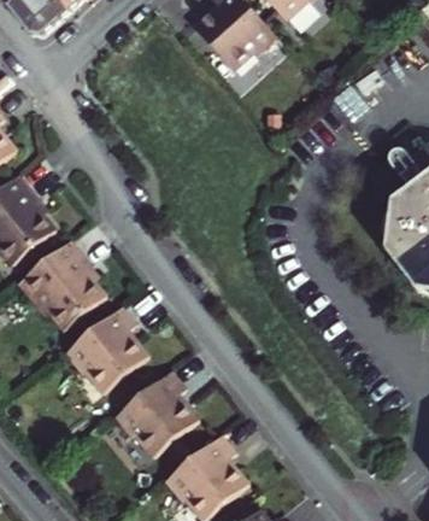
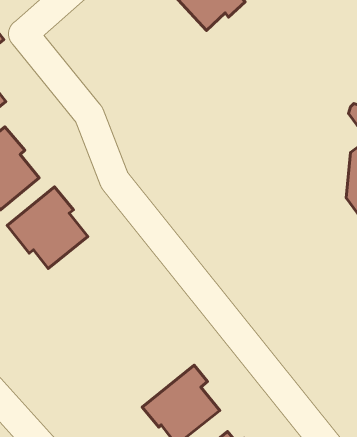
building: [63,305,147,392] -> none
building: [113,369,196,455] -> none

